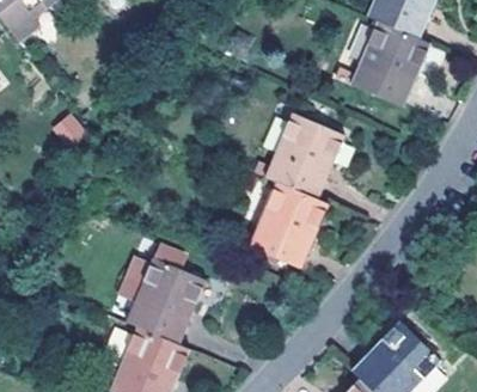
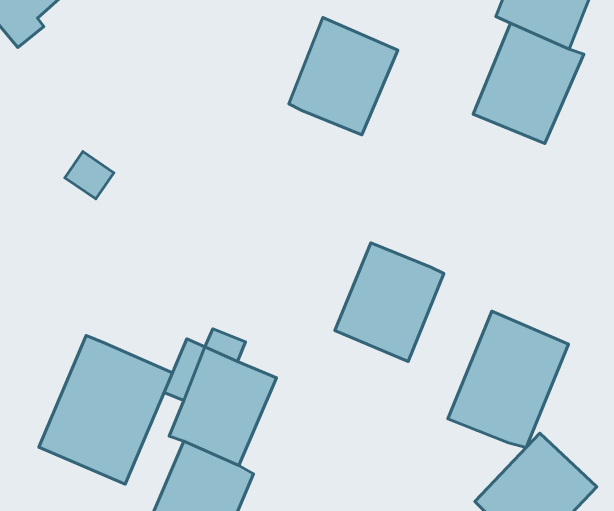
building: [264,112,344,198] -> [289,18,398,135]
building: none -> [448,311,568,447]
building: none -> [39,336,172,484]

